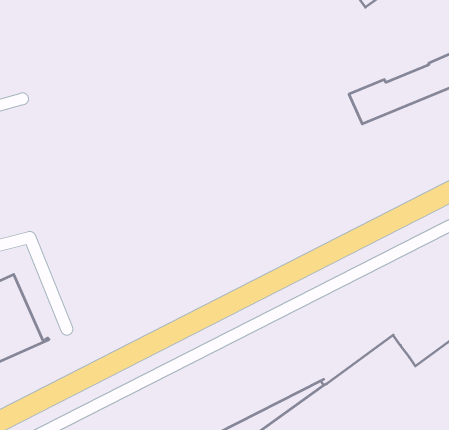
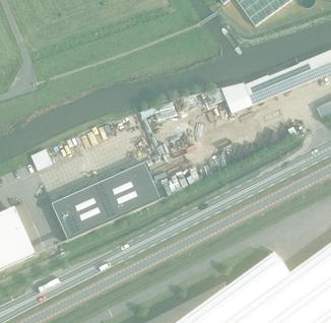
building: none -> [52,163,164,243]

